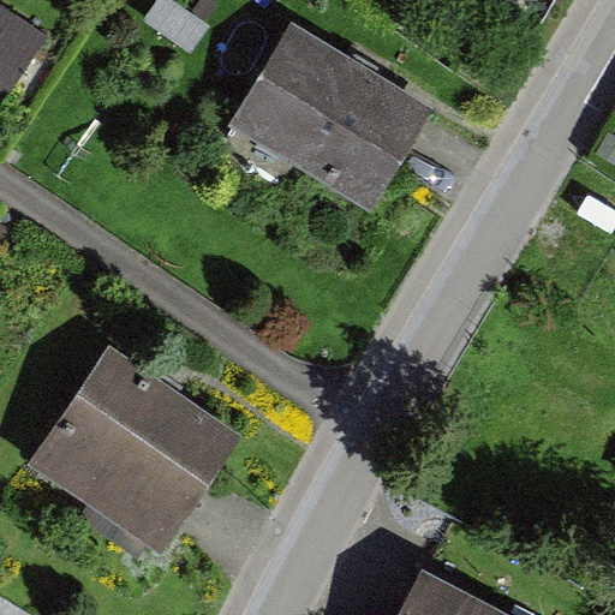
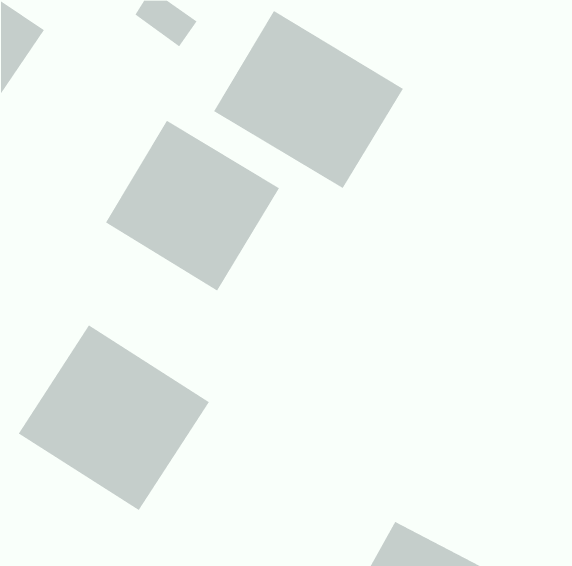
building: none -> [105,120,280,291]

